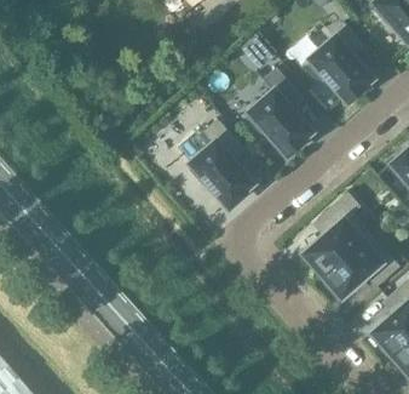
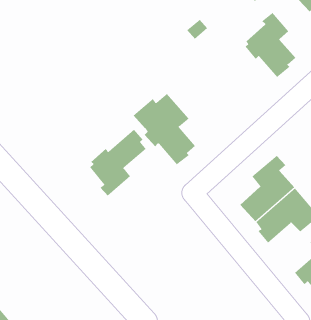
building: [248,69,310,155] -> none
building: none -> [90,129,147,197]

